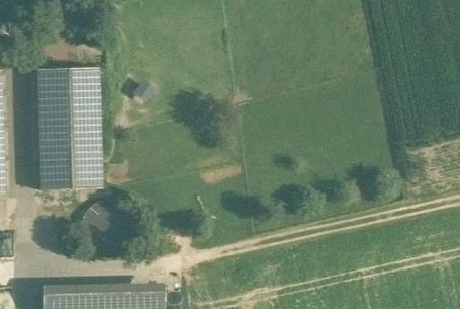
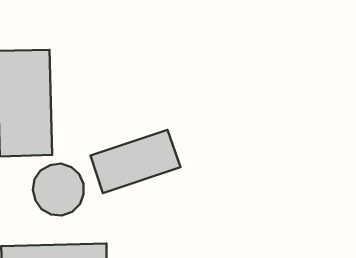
building: none -> [91,130,180,193]

